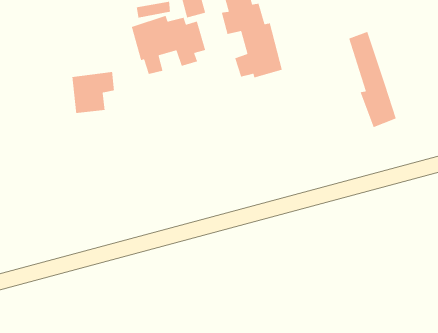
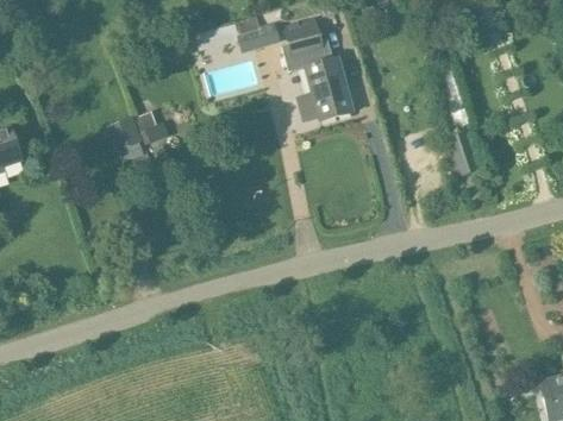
building: [131,15,206,75] -> none

